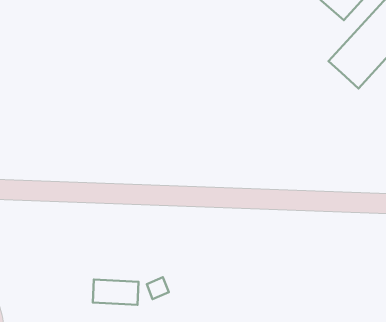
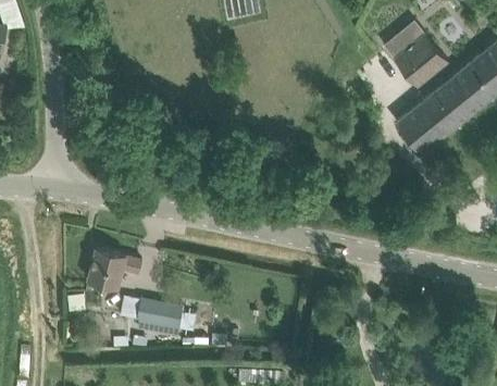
building: none -> [87,249,141,289]

